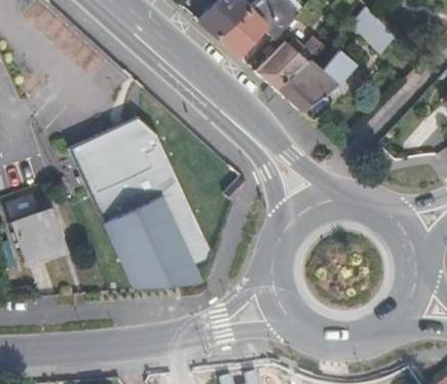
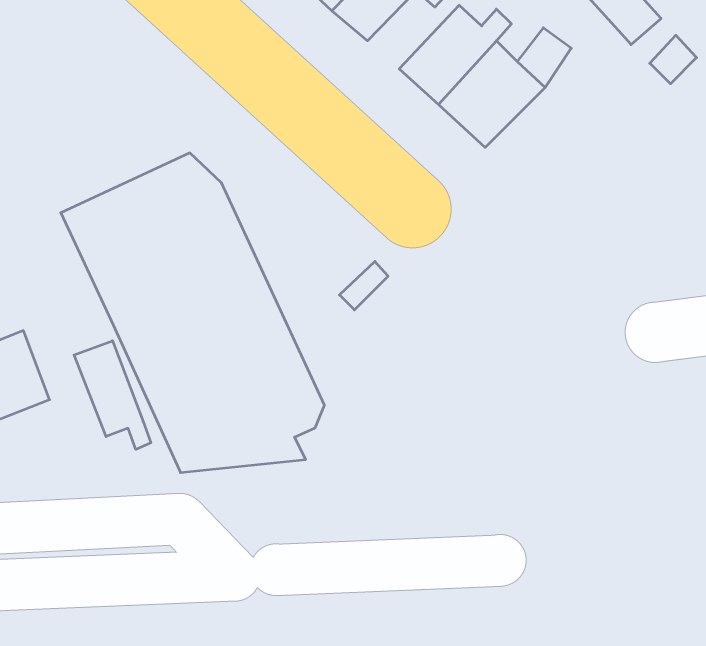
building: none -> [74,341,151,449]

